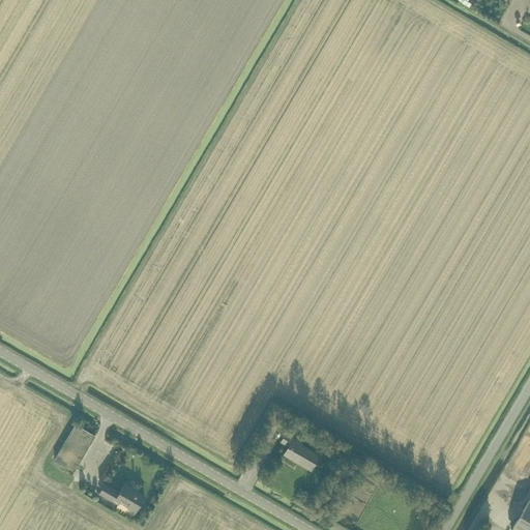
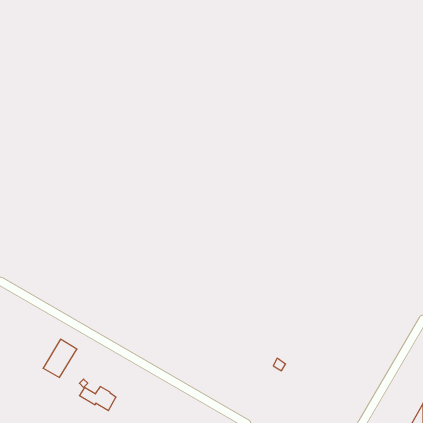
building: [281,434,320,471] -> none

